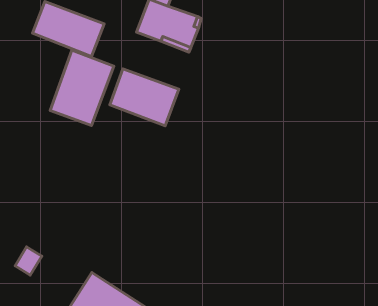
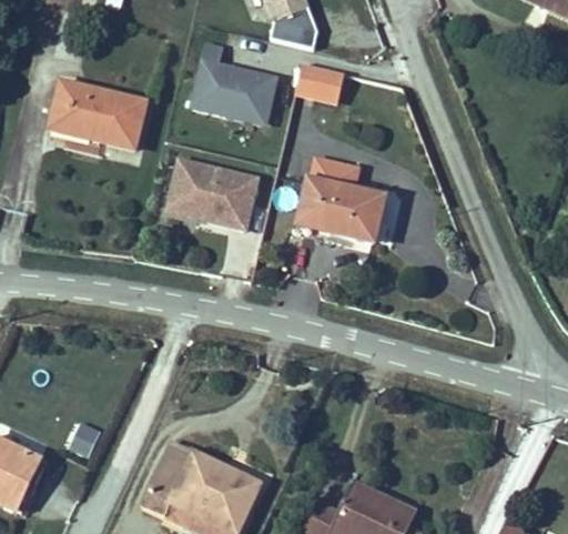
building: none -> [296,64,343,102]
building: [50,50,114,126] -> none
building: none -> [297,158,383,242]

